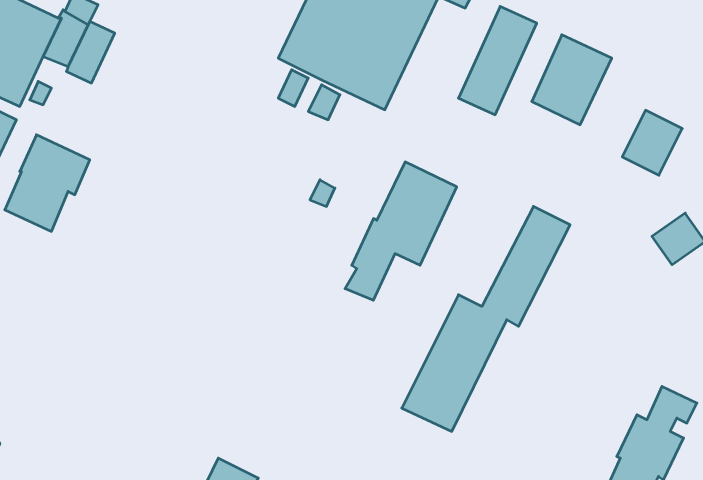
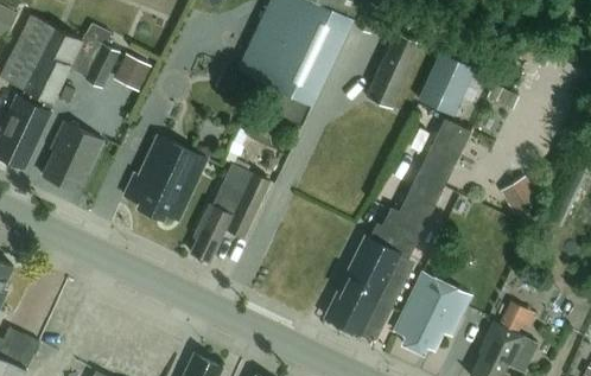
building: none -> [114,55,150,91]
building: [622,110,682,175] -> [428,119,471,165]
building: none -> [125,138,206,221]
building: [345,162,457,300] -> [190,164,269,262]
building: none -> [394,273,471,355]

